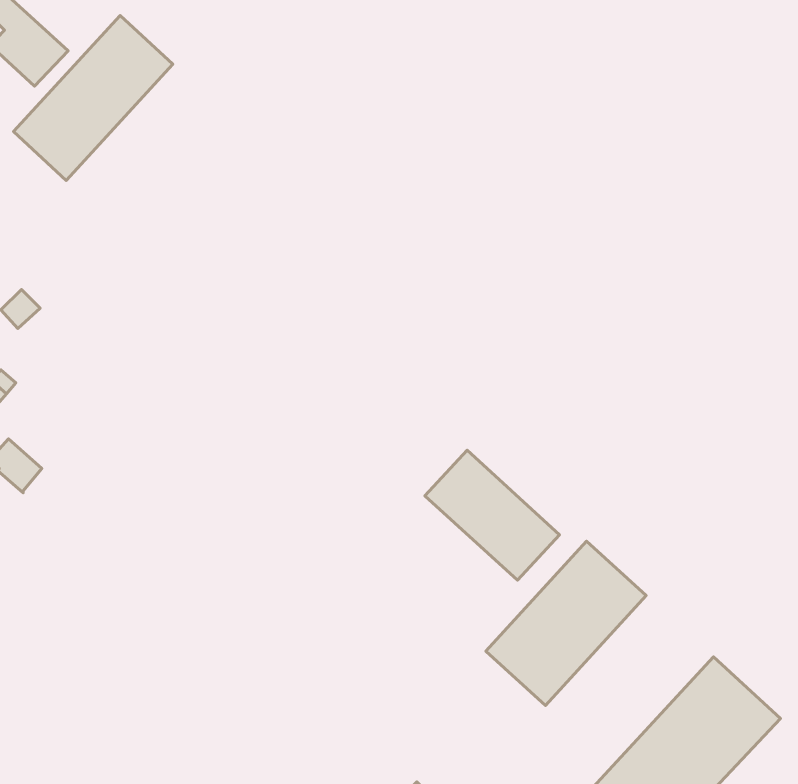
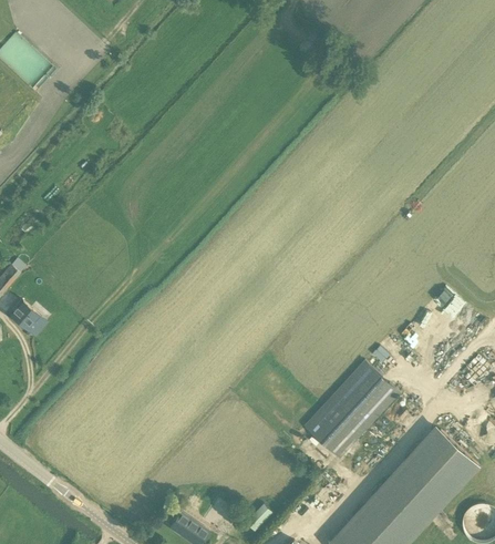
building: [14,15,173,180] -> none
building: [425,450,559,580] -> none

